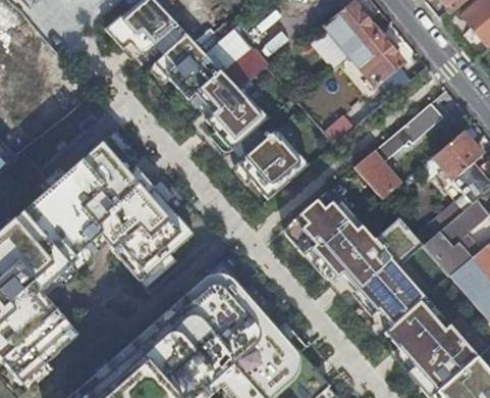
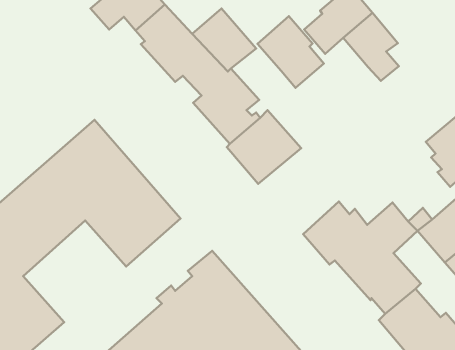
building: none -> [257,16,324,88]
building: [355,101,443,198] -> none
building: [286,191,347,254] -> none

